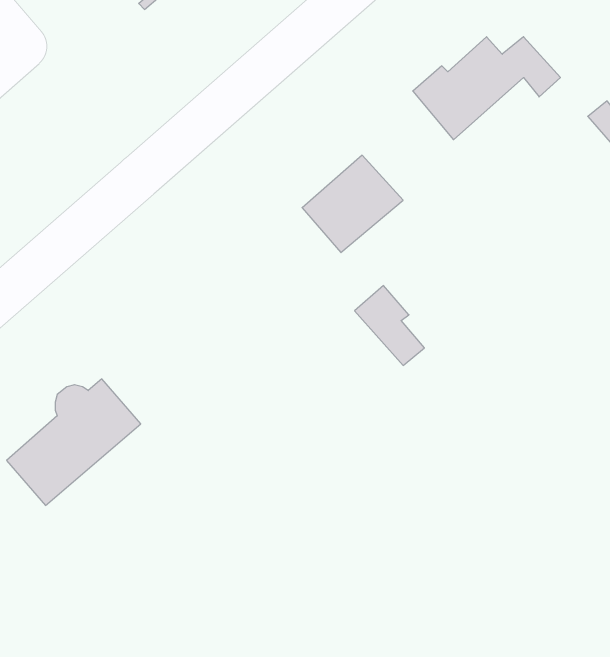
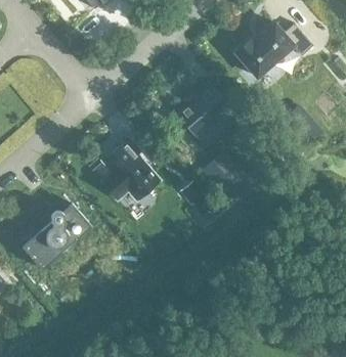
building: none -> [102,138,159,199]

